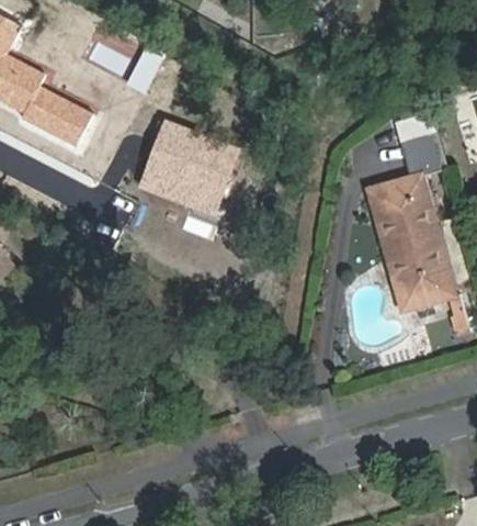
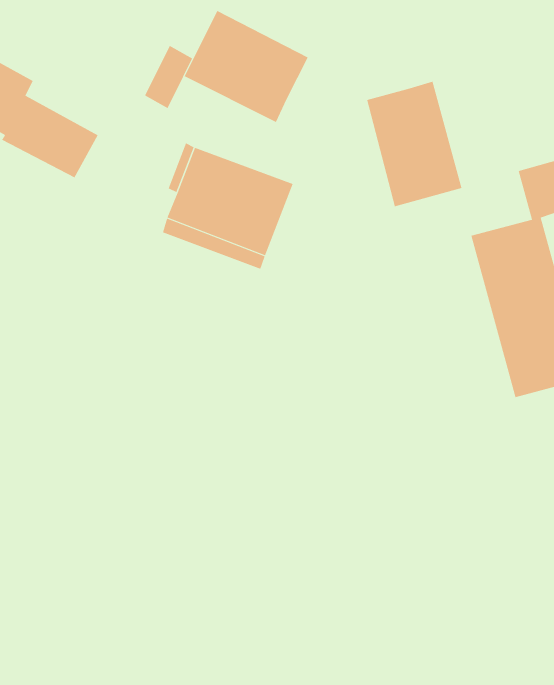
building: none -> [184,10,308,123]
building: none -> [366,81,462,207]

